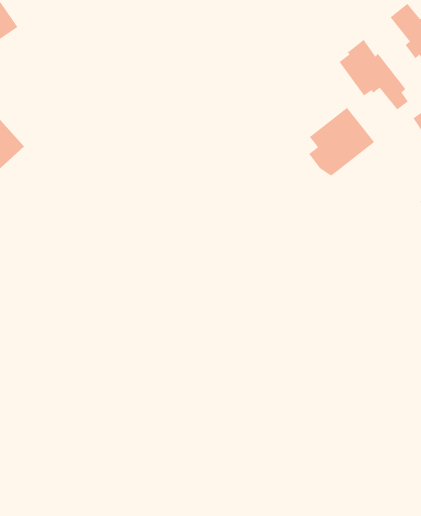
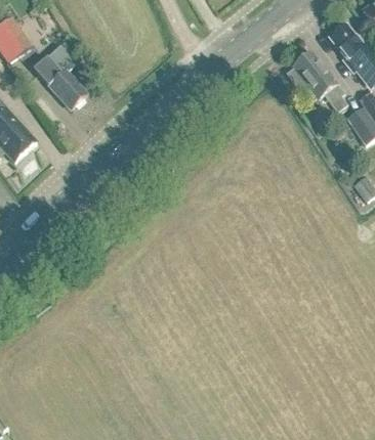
building: none -> [34,44,85,106]
building: [308,107,375,176] -> none

